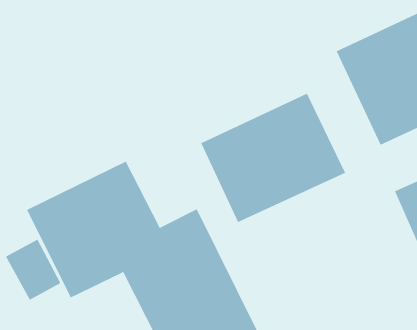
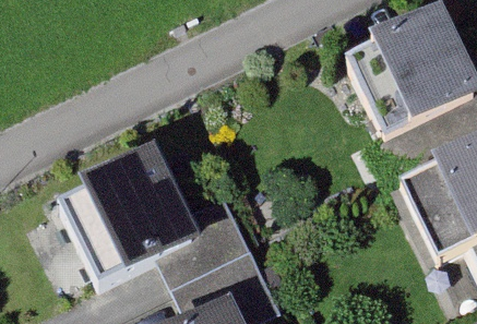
building: [200,93,346,223] -> none

